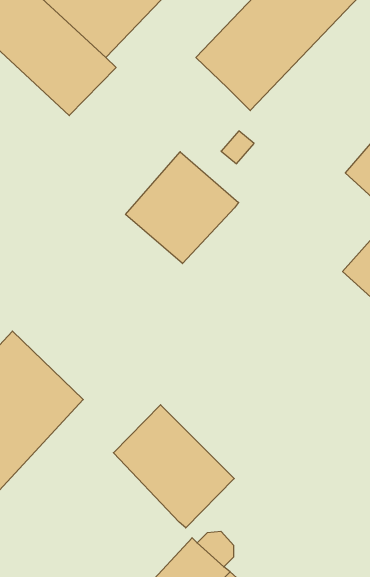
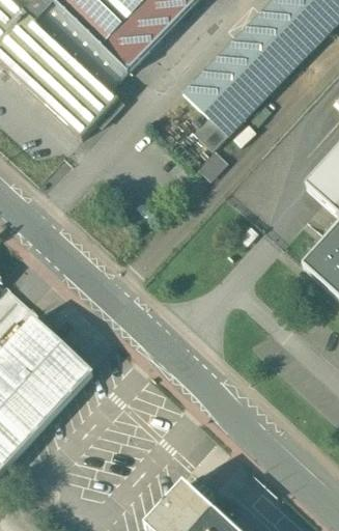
building: none -> [191,114,227,150]
building: [126,152,239,264] -> none
building: [113,405,234,528] -> none

